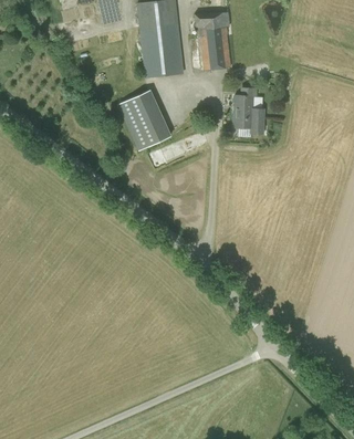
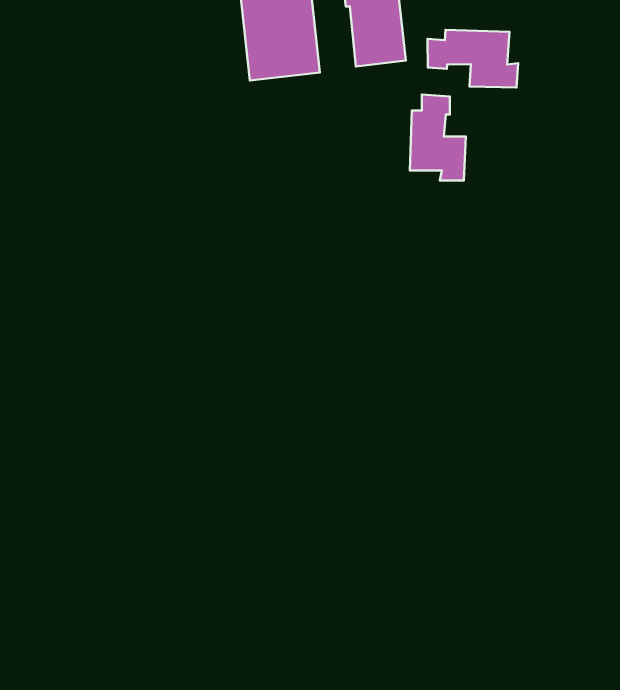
building: none -> [428,30,518,88]
building: [117,88,169,149] -> none

